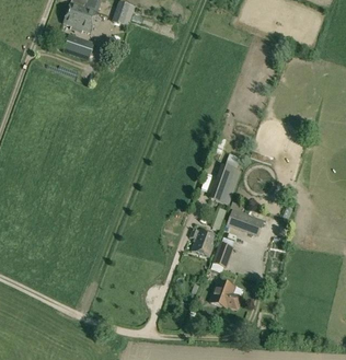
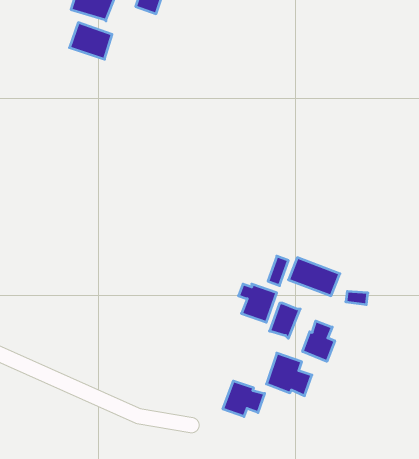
building: [209,164,240,205] -> none
building: none -> [303,321,335,361]
building: none -> [223,381,265,417]

